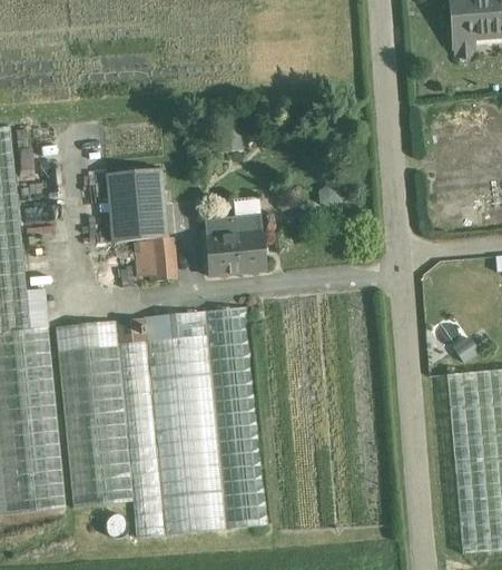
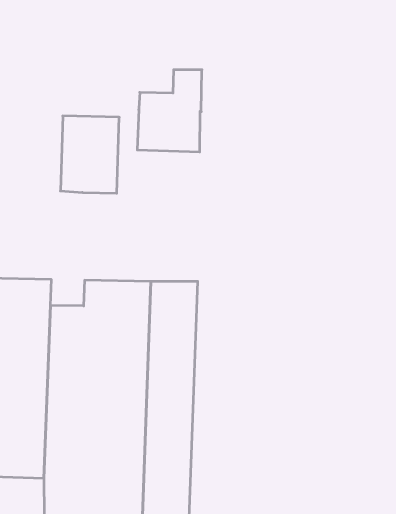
building: [204,195,265,275] -> [137,70,202,152]
building: [134,236,174,281] -> none

